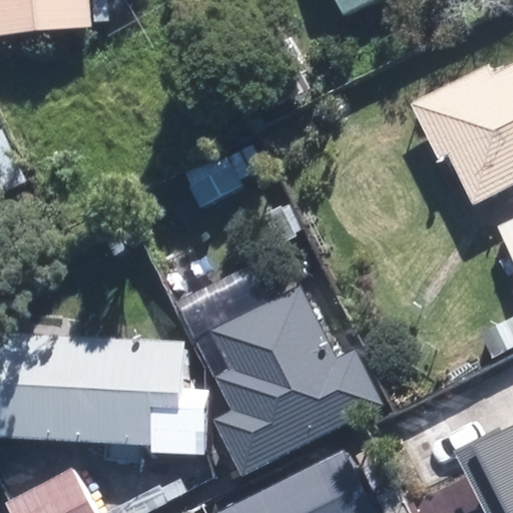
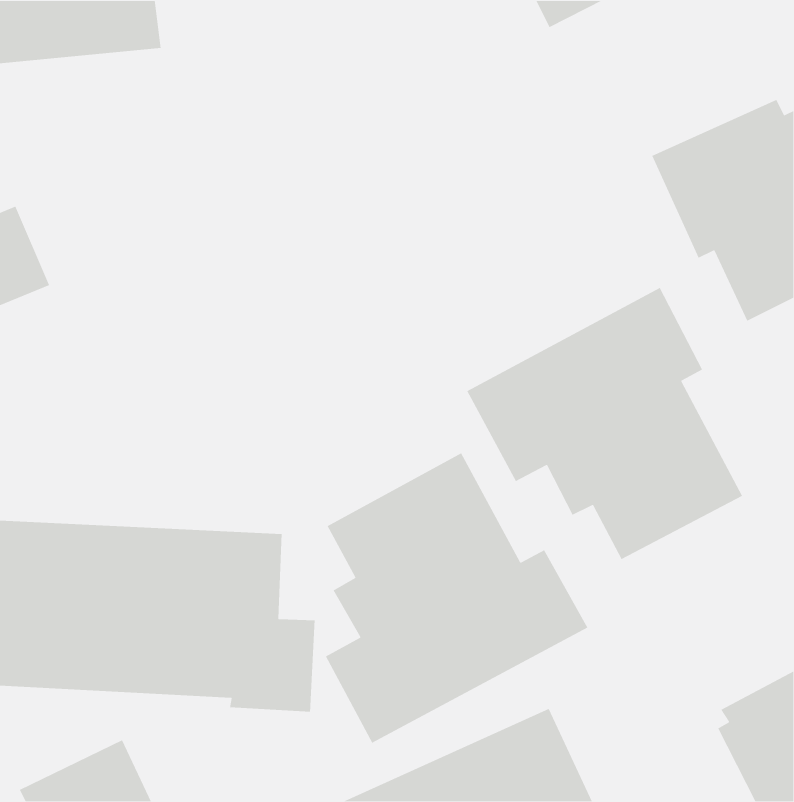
building: none -> [466,287,743,560]

